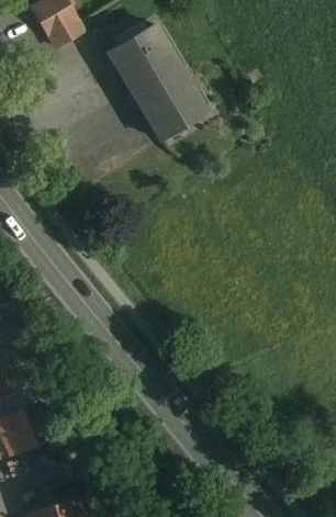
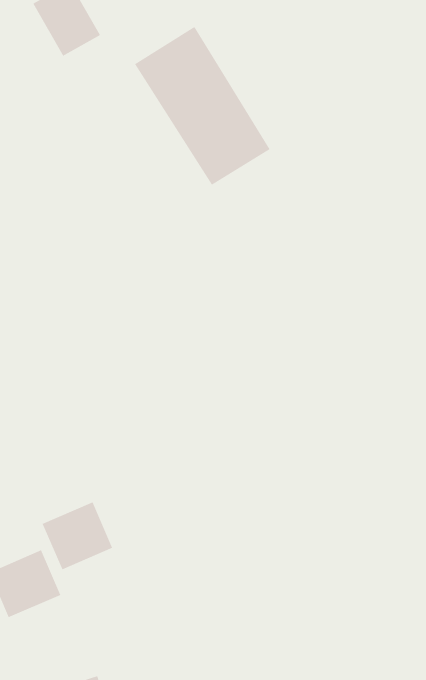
building: none -> [42,501,113,570]

